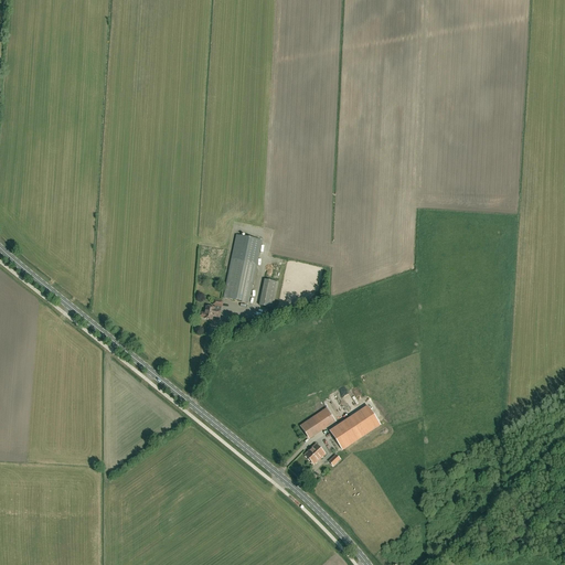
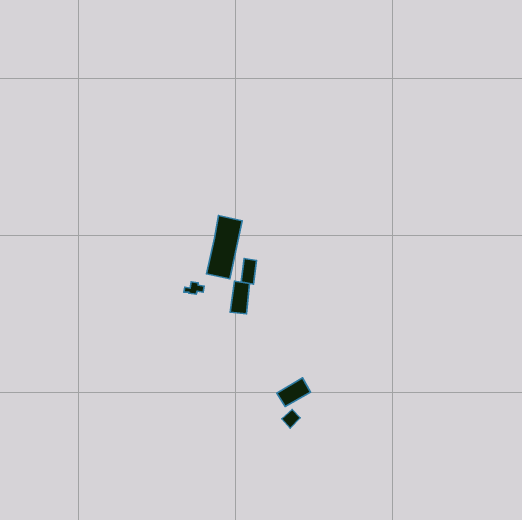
building: none -> [230,281,250,314]
building: [330,405,380,448] -> none

